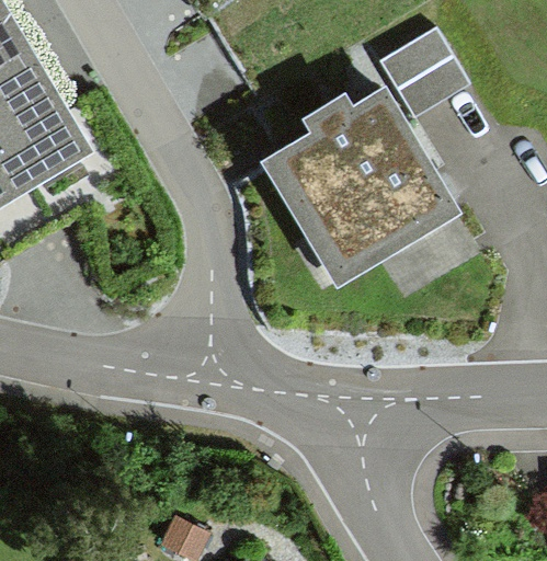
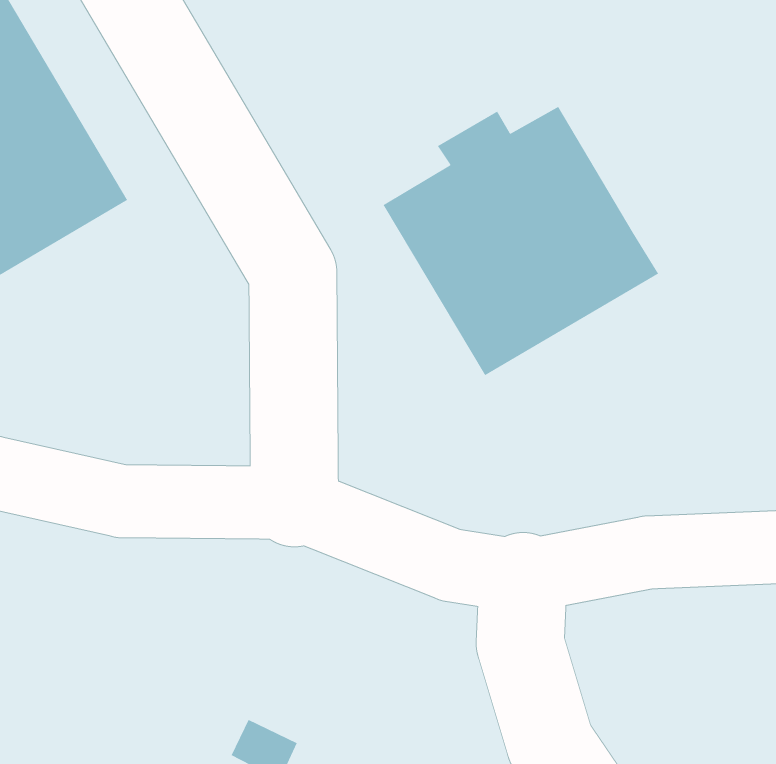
building: [380,26,469,116] -> none

